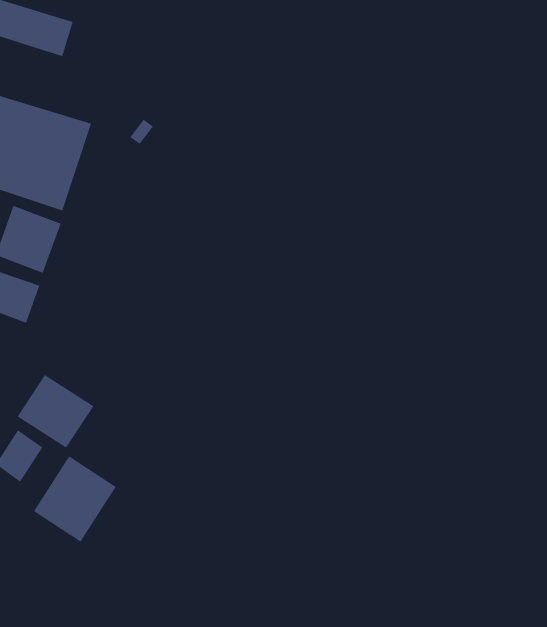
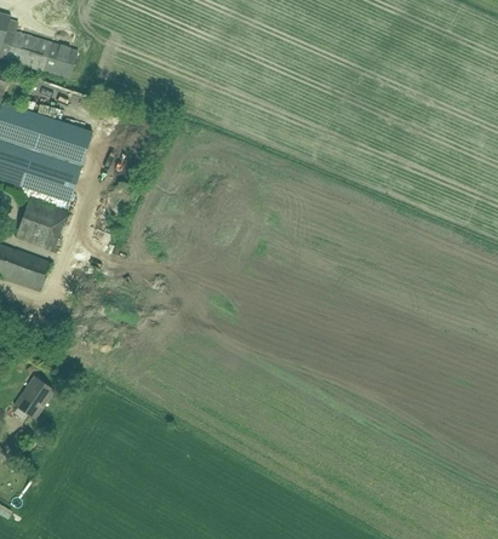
building: [17,374,94,449] -> none
building: [33,455,117,542] -> none

